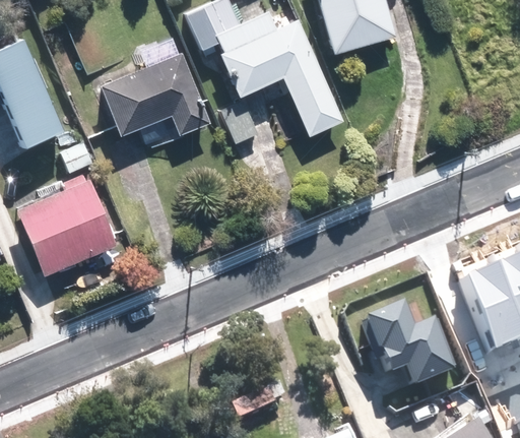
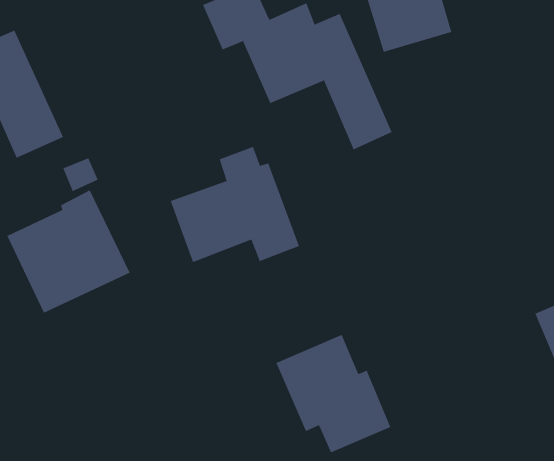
building: [102,38,212,137] -> [170,146,300,263]
building: [347,286,446,387] -> [276,334,391,453]

